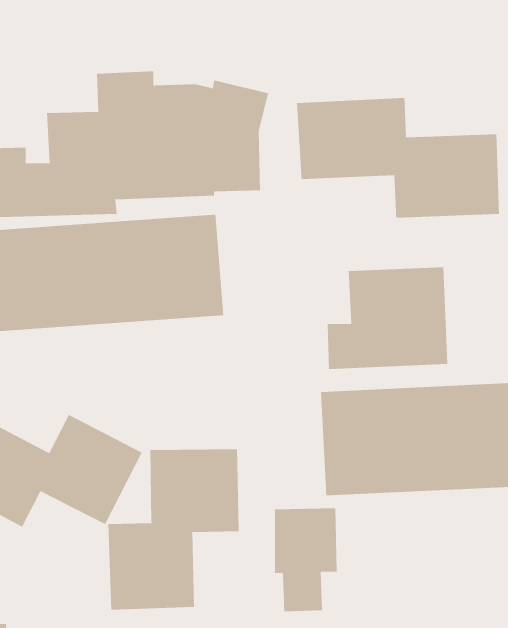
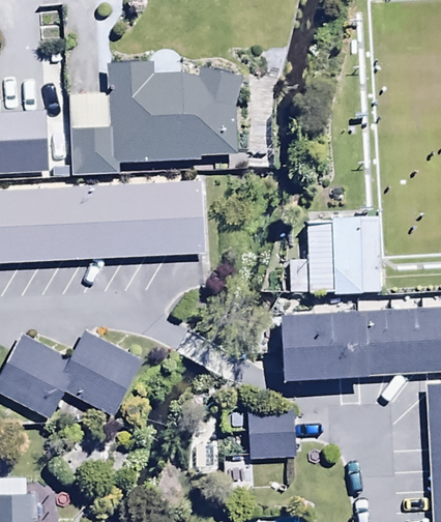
building: [296,97,500,219] -> none
building: [108,448,239,610] -> none

